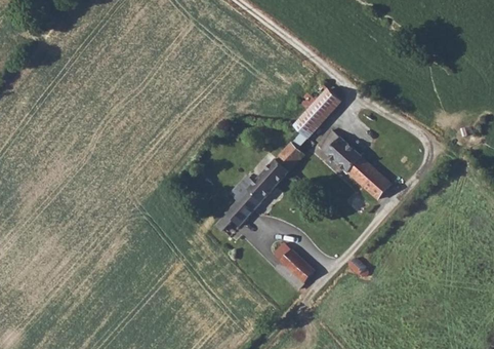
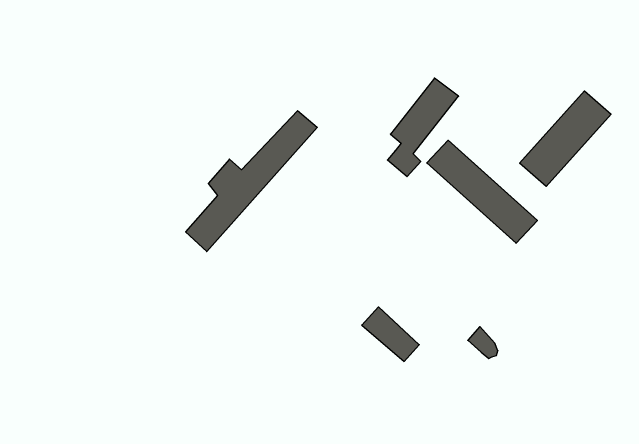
building: none -> [520,91,611,186]
building: [214,143,303,238] -> [186,111,317,252]

